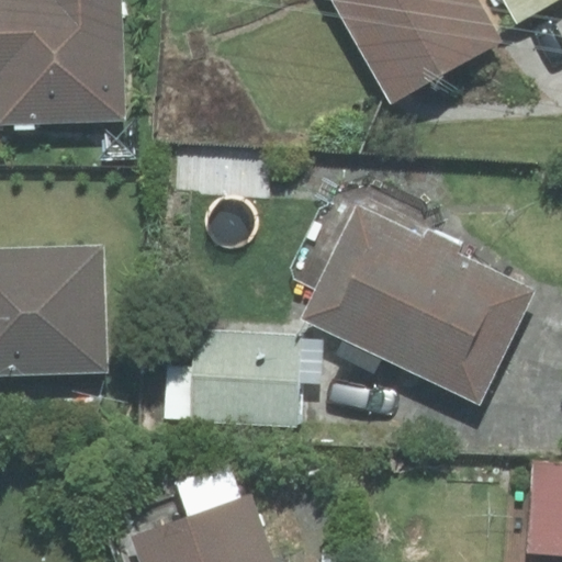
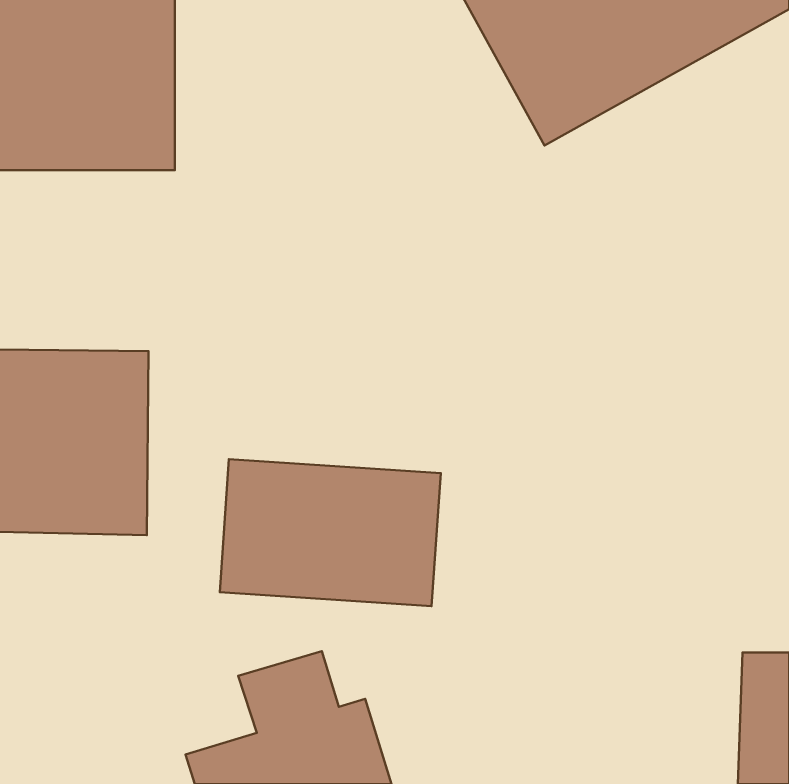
building: [303,203,536,403] -> none

